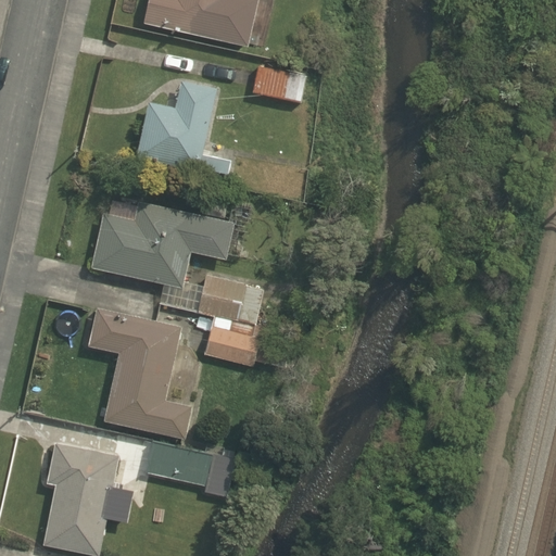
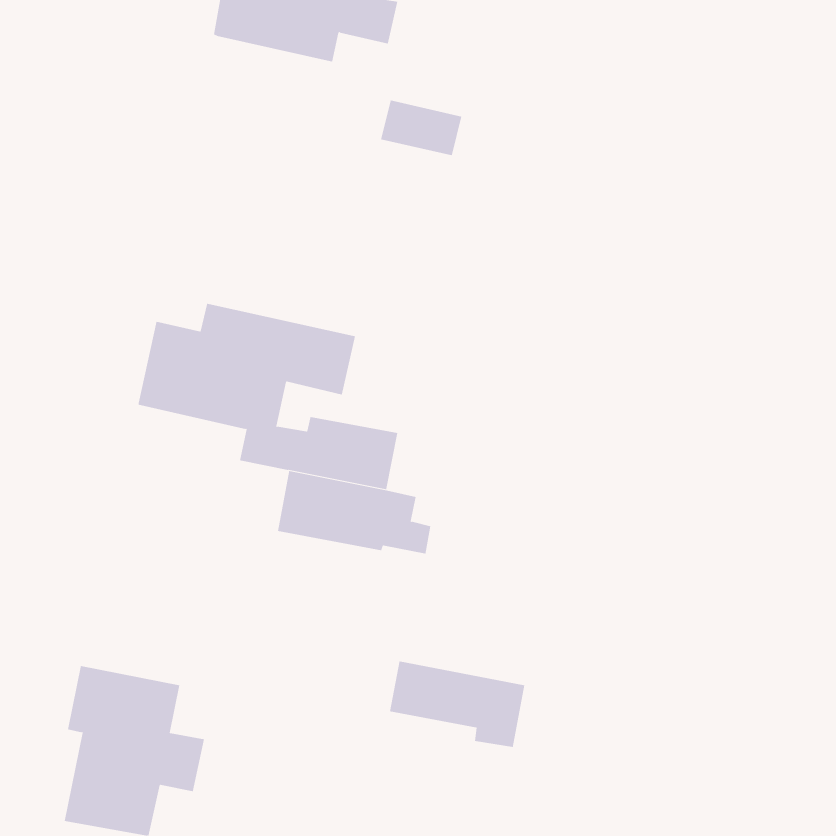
building: [136,80,229,177] -> none
building: [88,306,192,439] -> none
building: [146,440,236,497] -> [389,661,525,748]

